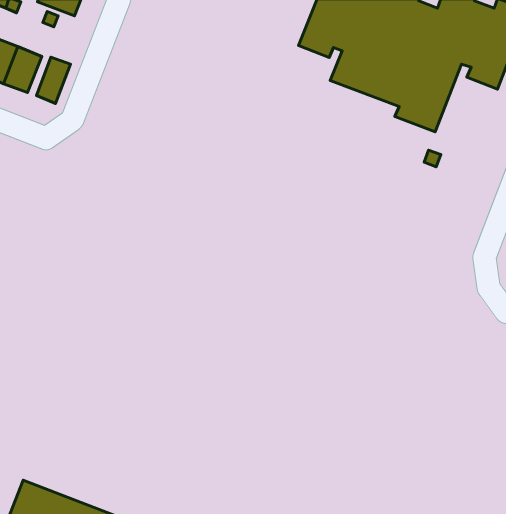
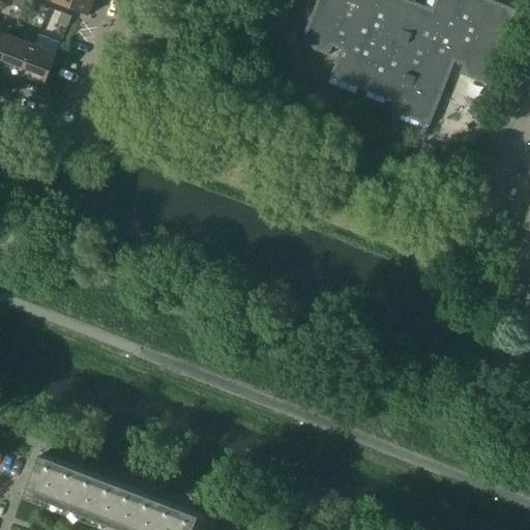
building: [36,57,71,103] -> none

